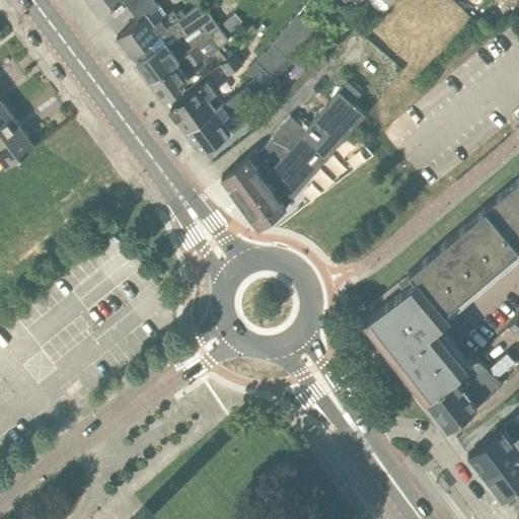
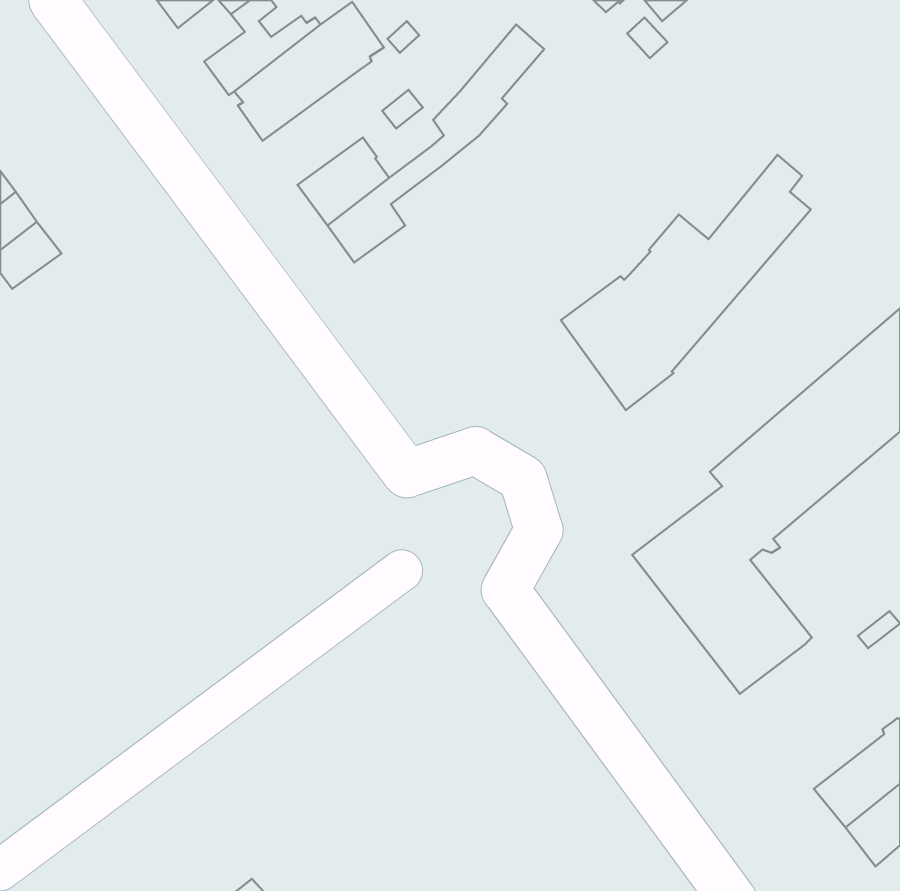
building: [151,48,210,104] -> none
building: [222,85,366,232] -> [561,155,811,410]
building: [426,363,500,433] -> none

